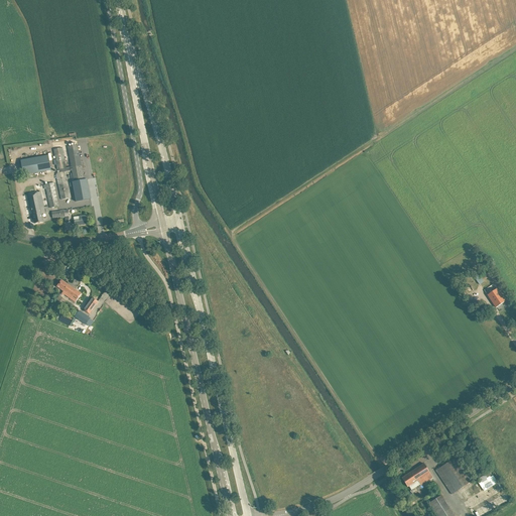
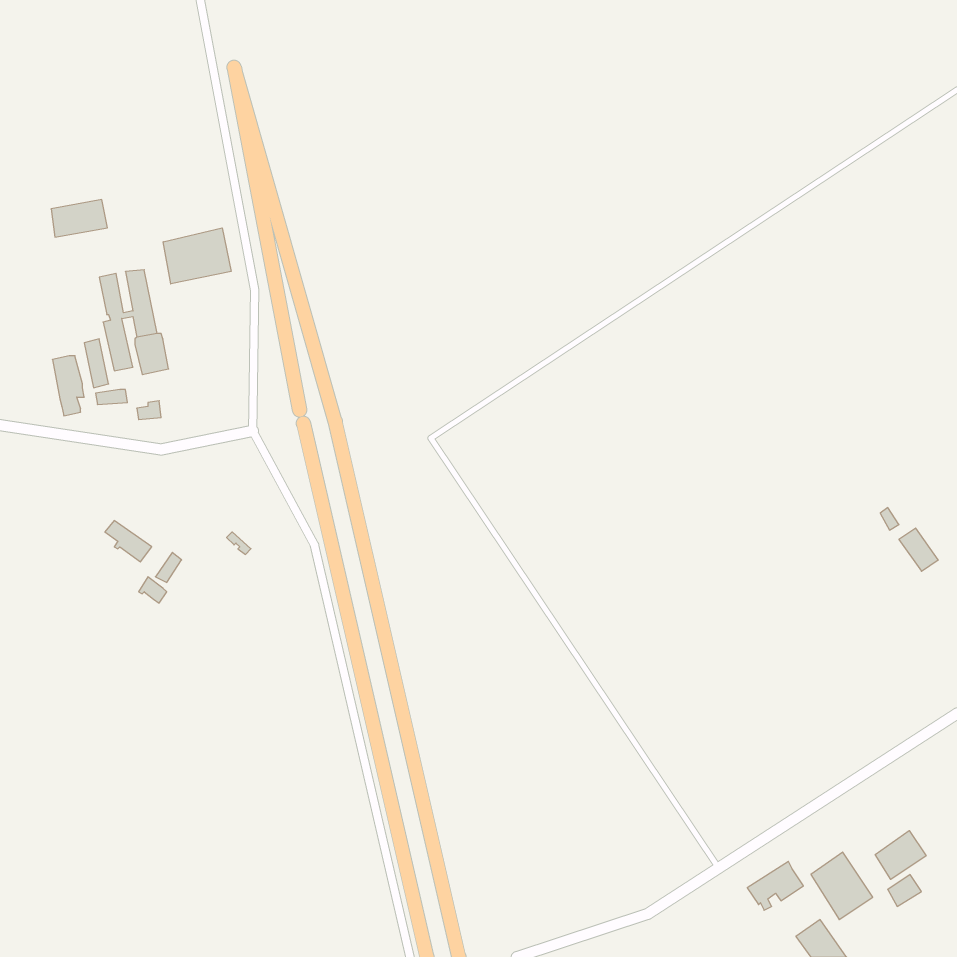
building: none -> [163,228,231,284]
building: [22,155,52,175] -> [51,200,107,237]
building: none -> [875,831,926,879]

